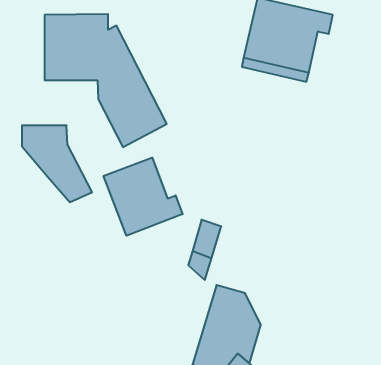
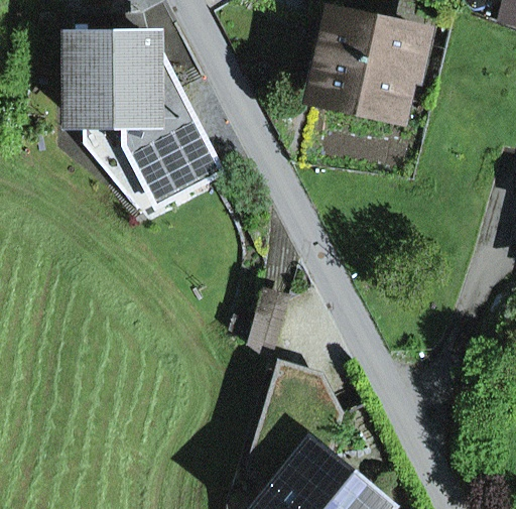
building: [22,125,92,202] -> [80,112,165,206]
building: [104,158,183,236] -> none

